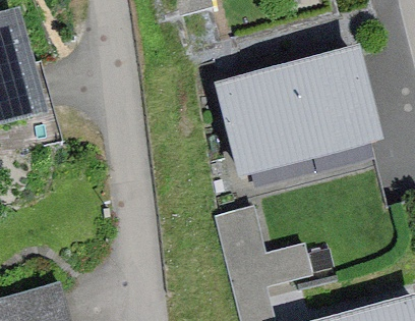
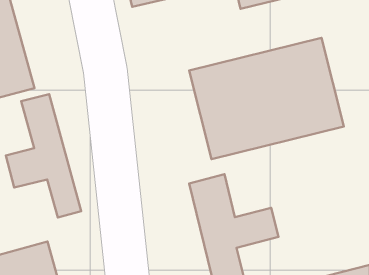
building: none -> [6,94,81,218]

